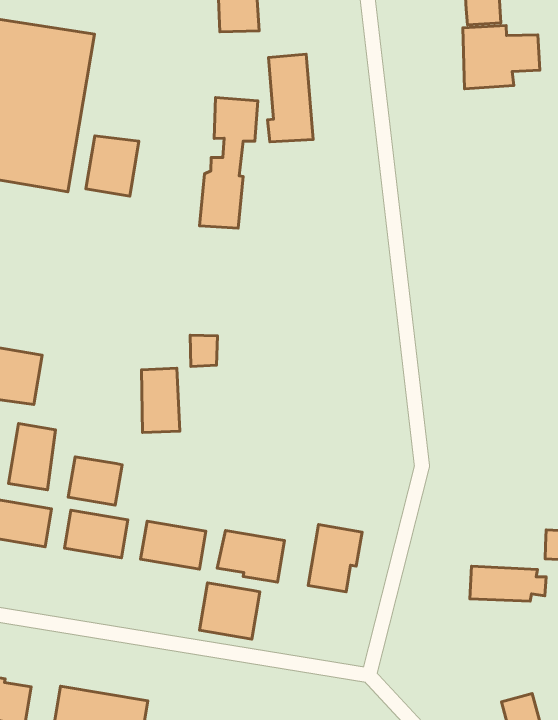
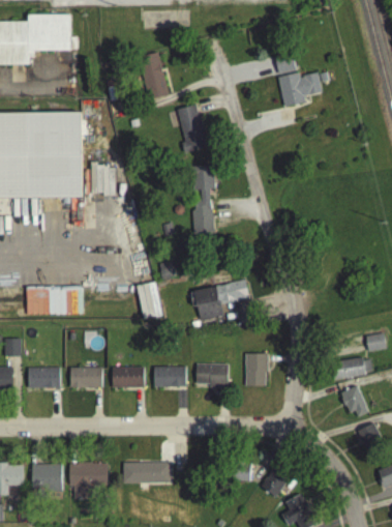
building: [200,98,258,228] -> [191,167,216,238]
building: none -> [193,280,249,321]
building: [9,424,55,490] -> none
building: [68,457,122,505] -> none
building: [200,583,260,639] -> none
building: none -> [341,385,369,416]

